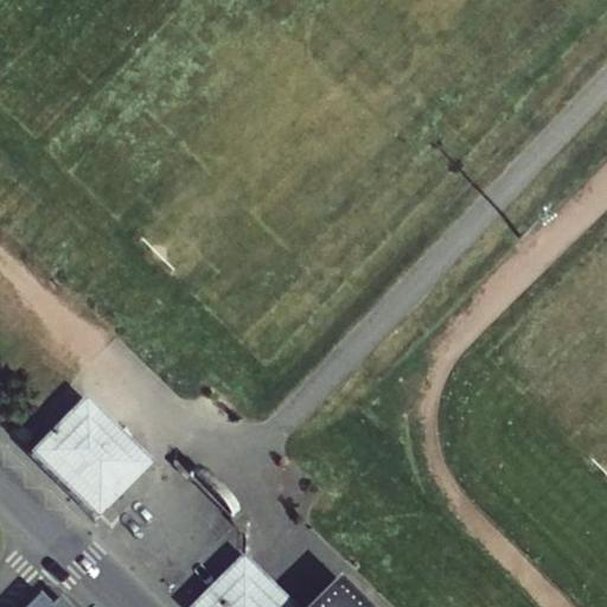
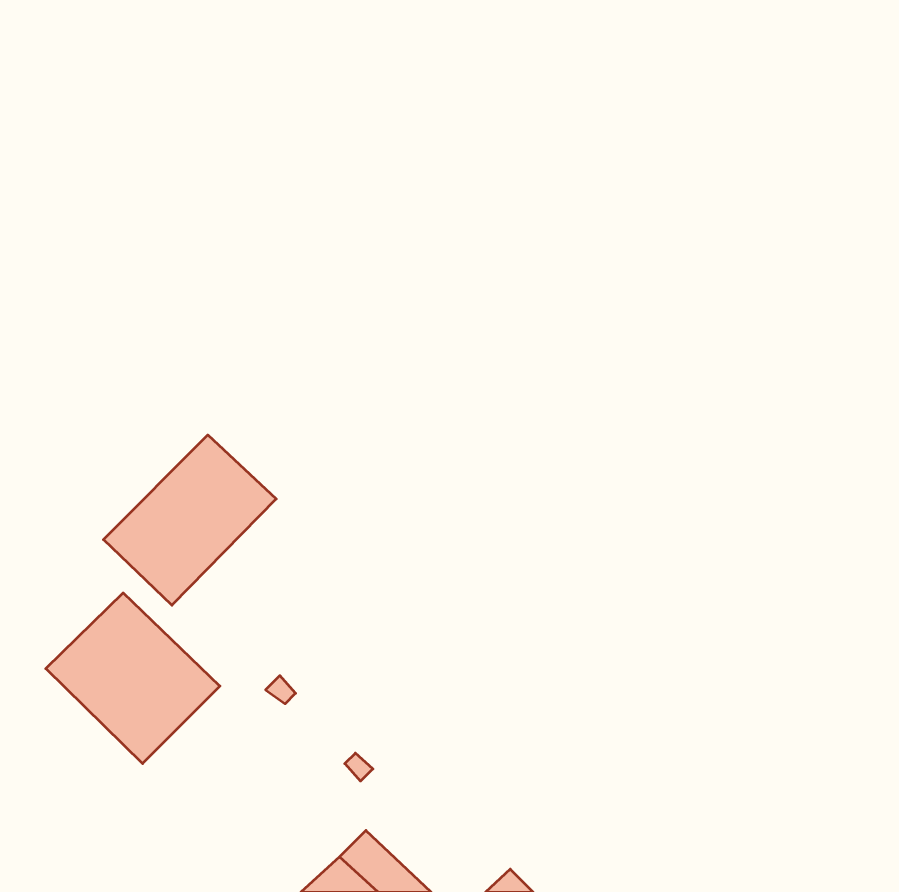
building: none -> [103,435,276,605]

